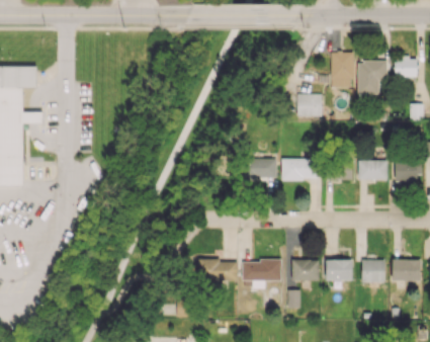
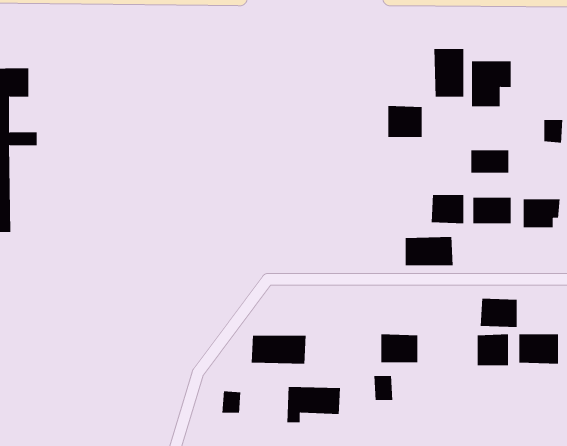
building: [394,57,417,77] -> none
building: none -> [471,149,509,174]
building: [243,158,276,178] -> none
building: [281,158,317,179] -> [405,237,454,266]
building: [325,259,352,280] -> [480,298,518,327]
building: [242,260,281,286] -> [286,387,341,423]

